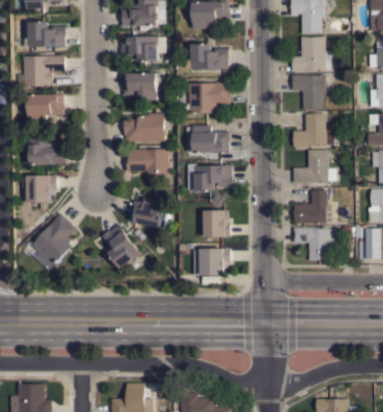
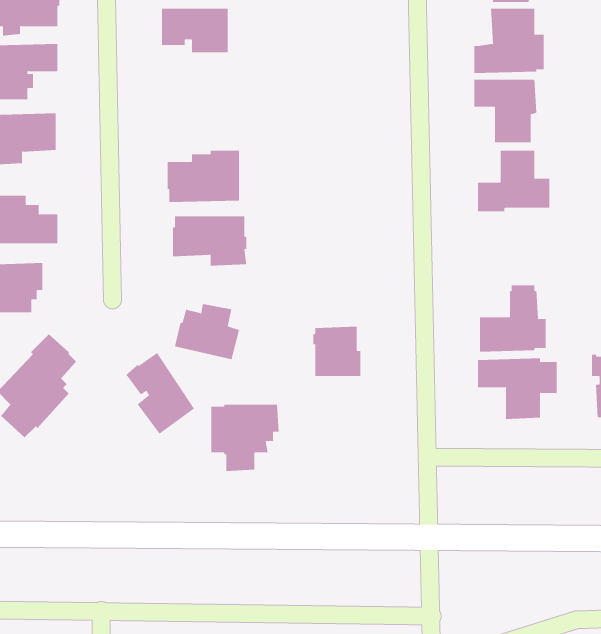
building: [185,37,229,68] -> none
building: [123,72,157,100] -> none
building: [188,82,232,112] -> none
building: [192,124,230,152] -> none
building: [293,150,336,183] -> none
building: [187,163,232,191] -> none
building: [194,248,231,285] -> [210,404,280,472]

